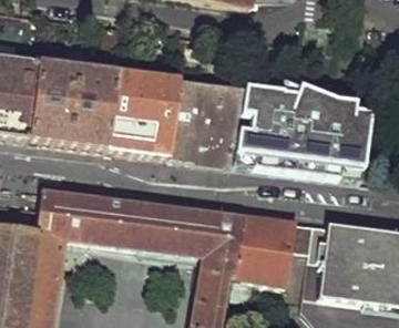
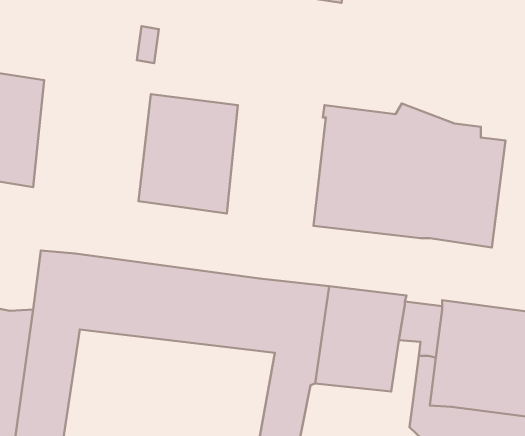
building: [33,63,117,150] -> none
building: [172,81,243,167] -> none

